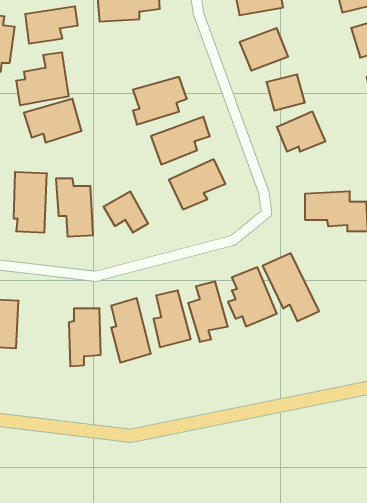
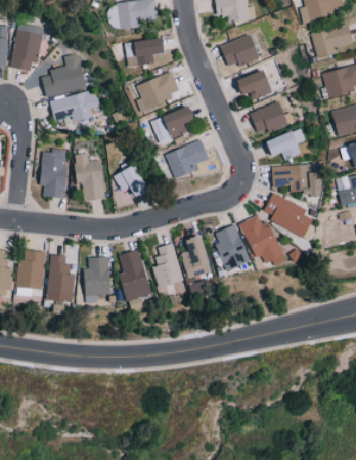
building: [25,6,78,44] -> [125,37,167,67]
building: none -> [268,129,305,159]
building: none -> [265,194,313,237]
building: none -> [47,254,75,301]

